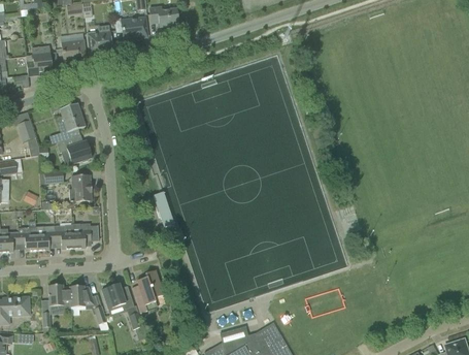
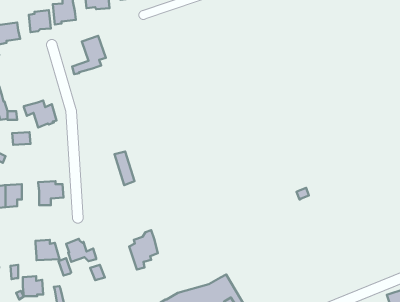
building: [48,102,85,143] -> [72,36,106,74]
building: [68,174,91,200] -> none
building: [54,224,72,249] -> none
building: [131,269,162,312] -> [129,230,158,270]
building: [47,284,69,305] -> [23,276,43,296]

